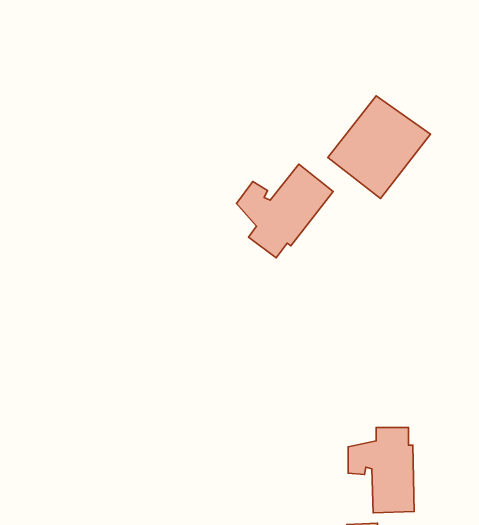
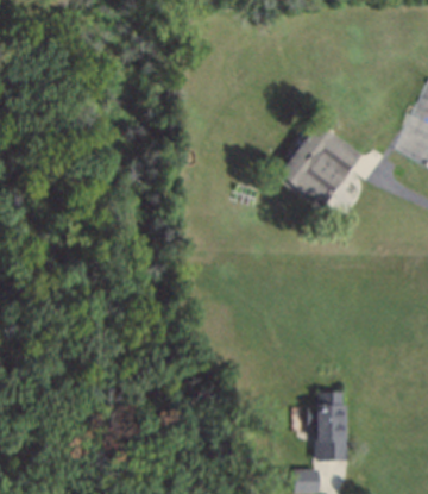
building: [236,164,333,258] -> none

